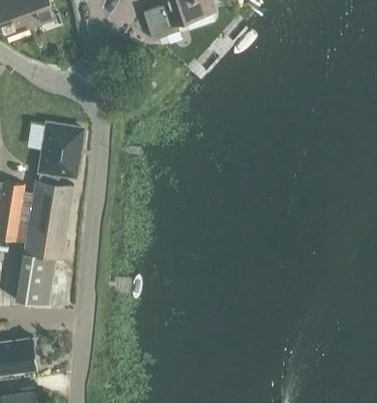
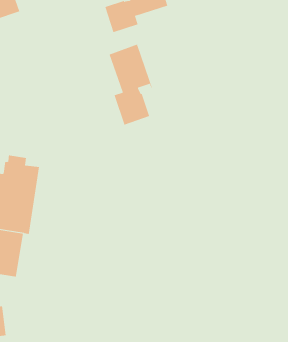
building: none -> [109,44,153,126]
building: [39,123,83,177] -> none

